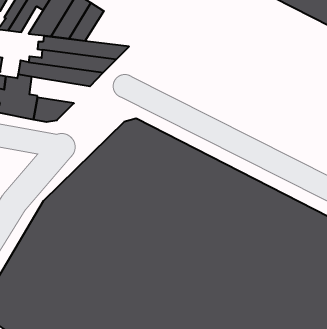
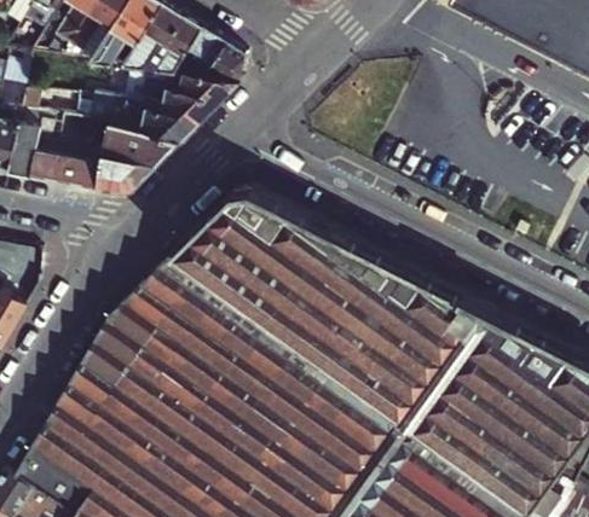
building: none -> [171,33,244,86]
building: none -> [99,133,178,170]

